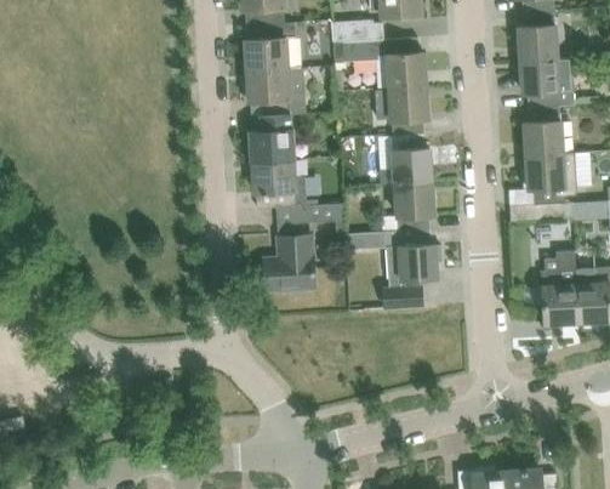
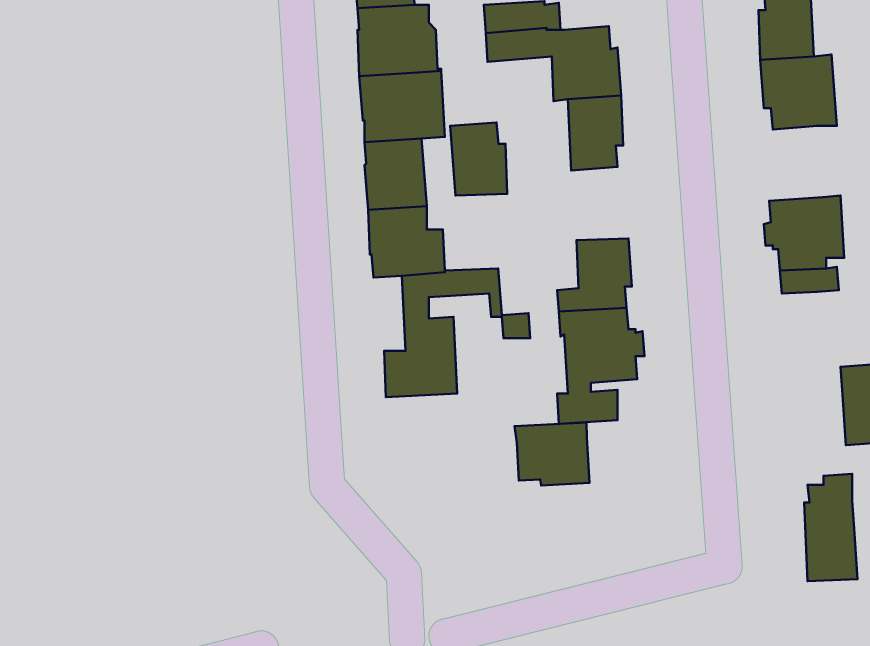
building: [523,106,561,157] -> none
building: [390,133,429,183] -> [450,122,507,196]
building: [541,251,577,324] -> [804,474,858,581]
building: none -> [515,422,590,485]

